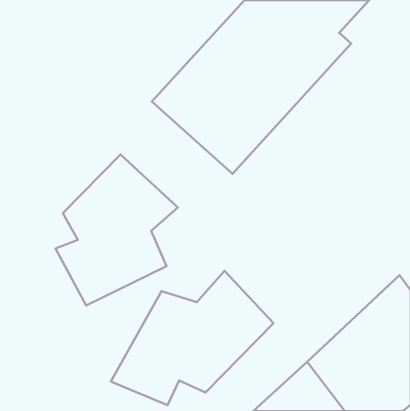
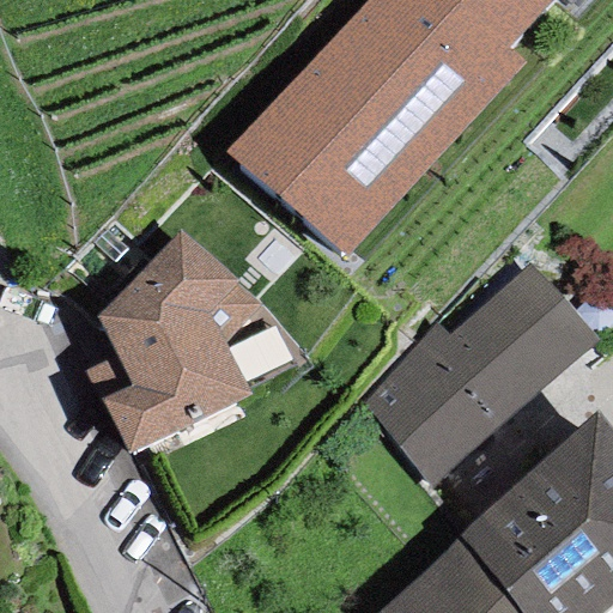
building: none -> [362,263,597,488]
building: [111,271,274,405] -> none

